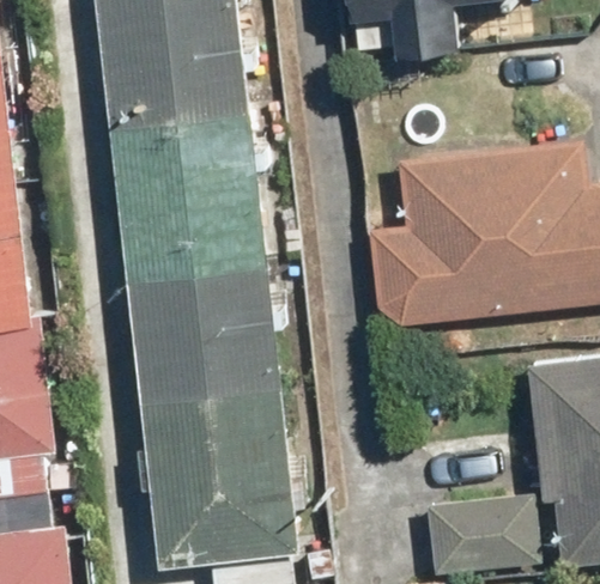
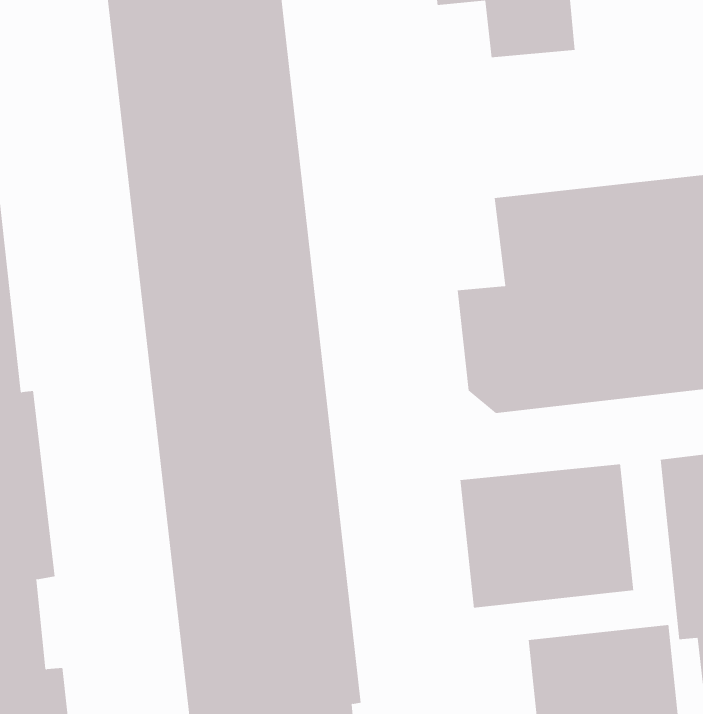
building: none -> [460,464,634,609]

